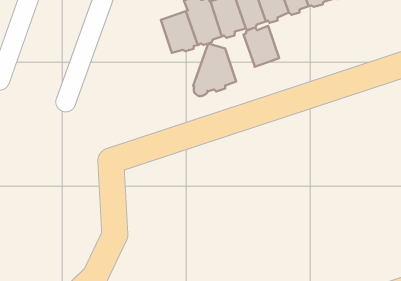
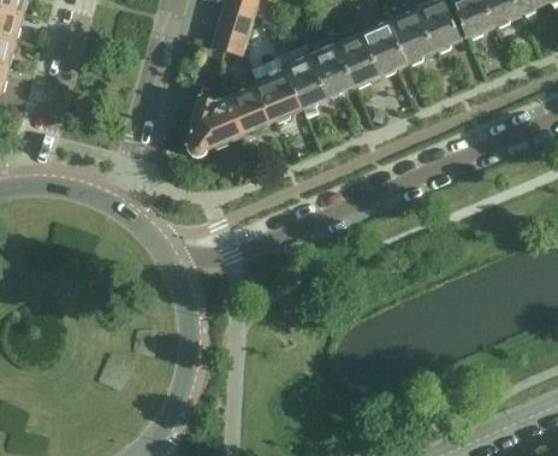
building: [243,26,279,67] -> none
building: [193,43,236,96] -> [186,89,239,155]

